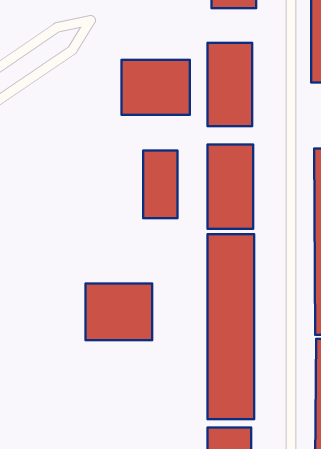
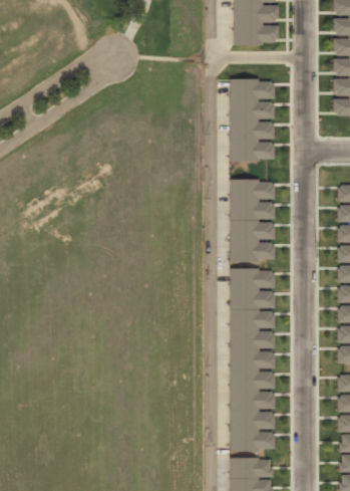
building: [122,60,190,115] -> none
building: [143,151,178,218] -> none
building: [86,284,152,340] -> none

